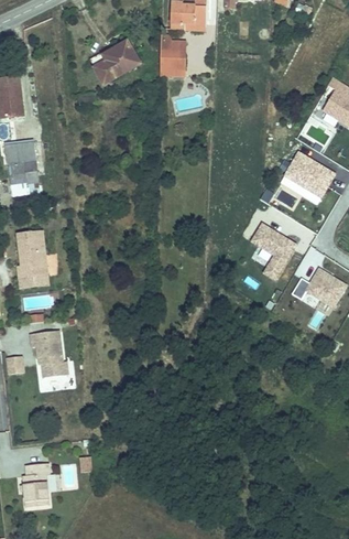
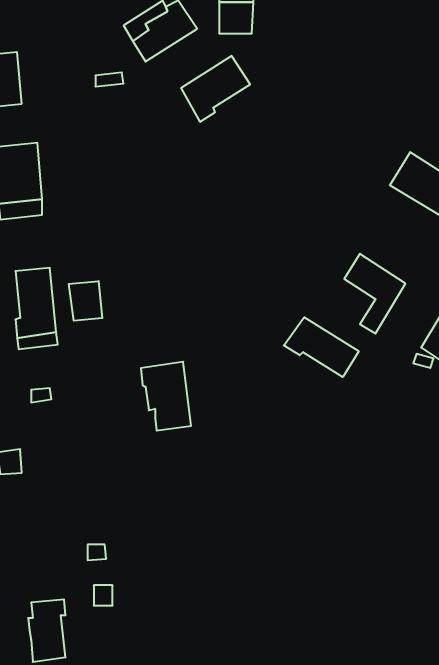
building: none -> [181,56,250,122]
building: none -> [69,281,102,321]
building: none -> [284,317,359,377]
building: [30,333,65,381] -> [141,362,191,431]

